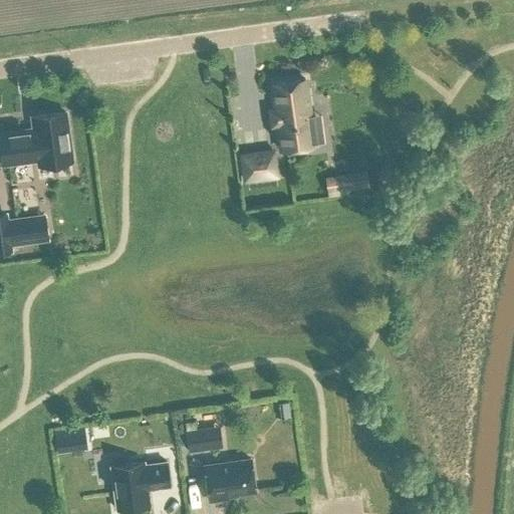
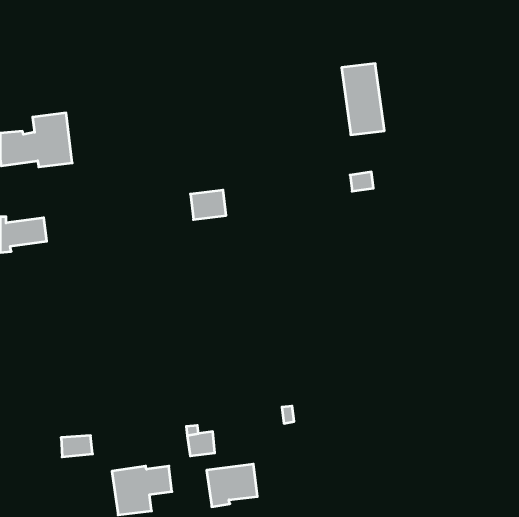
building: [272,81,314,152] -> [342,64,384,135]
building: [242,154,277,183] -> [190,190,226,220]

